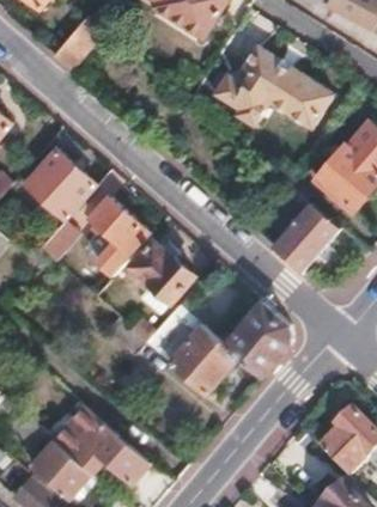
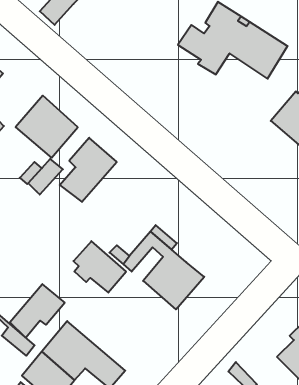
building: [273,201,341,271] -> none
building: [132,243,191,301] -> [73,241,126,293]
building: [219,301,291,375] -> none
building: none -> [10,284,65,338]

